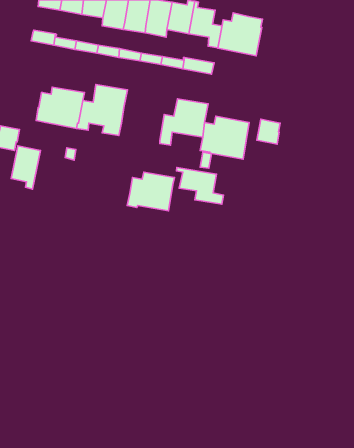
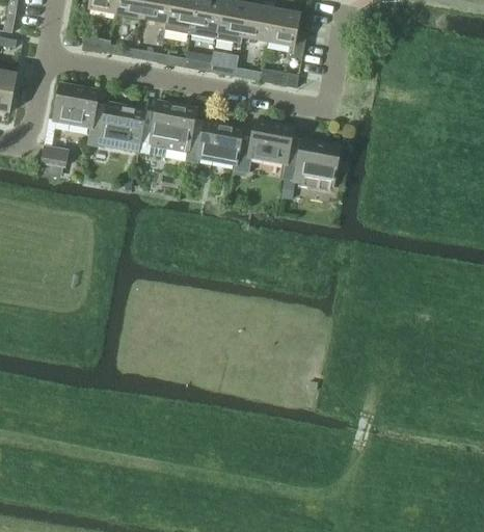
building: [218,13,262,56] -> none
building: none -> [53,83,98,128]
building: [257,119,280,144] -> none
building: [11,146,40,189] -> none
building: [176,168,224,204] -> none
building: [127,172,175,211] -> [185,122,241,167]

